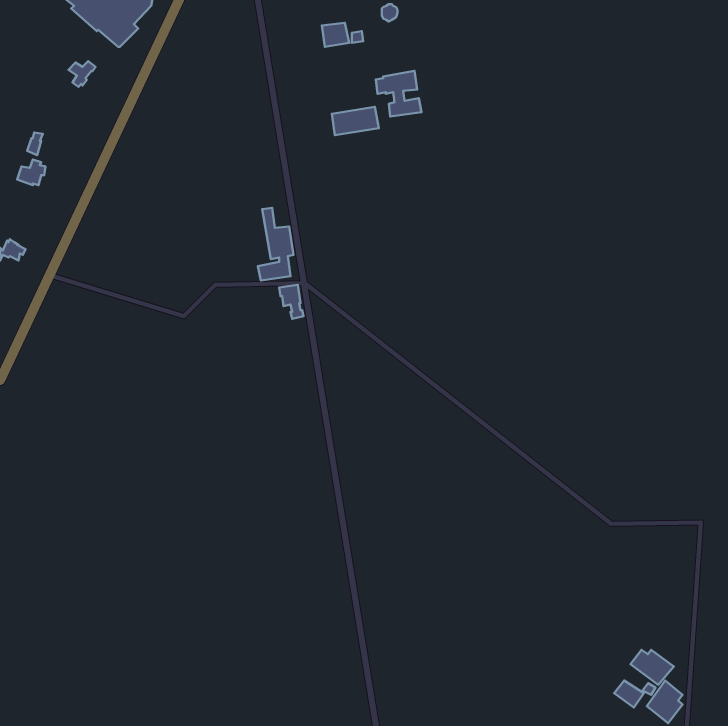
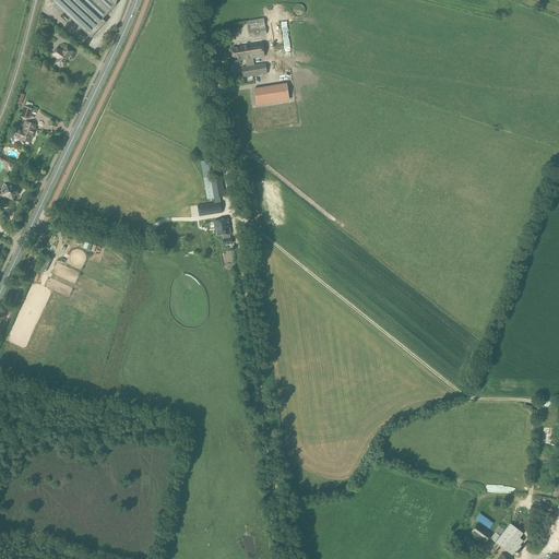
building: [376,71,422,117] -> [233,41,267,76]
building: [631,650,674,685] -> none

